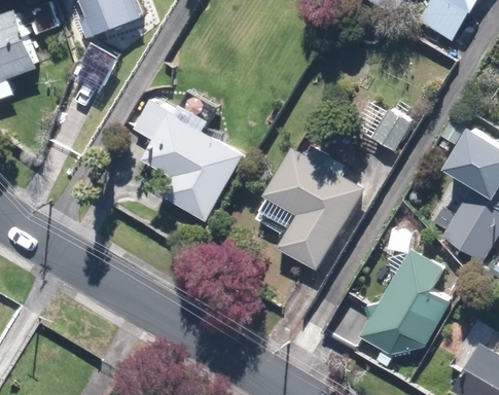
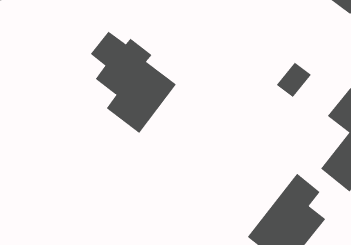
building: [259,129,366,271] -> none

